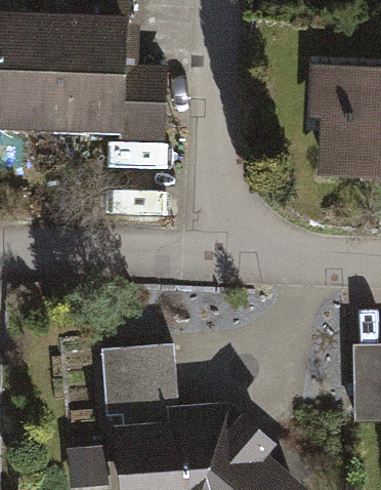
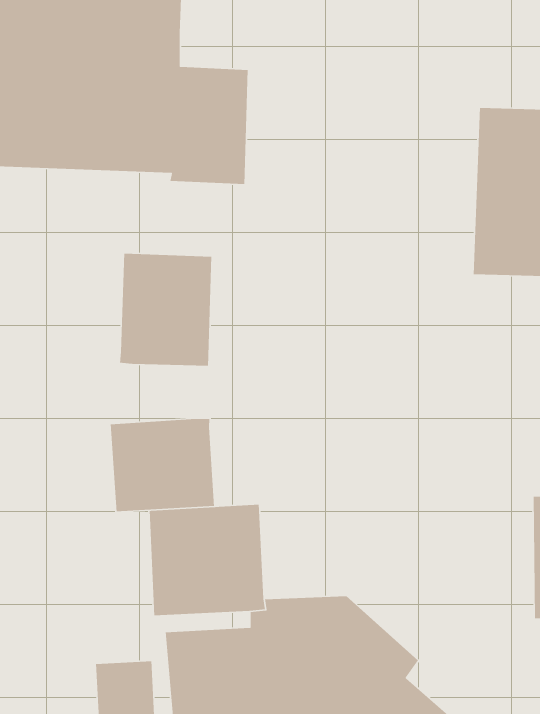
building: none -> [119,253,212,367]
building: none -> [110,418,215,512]

